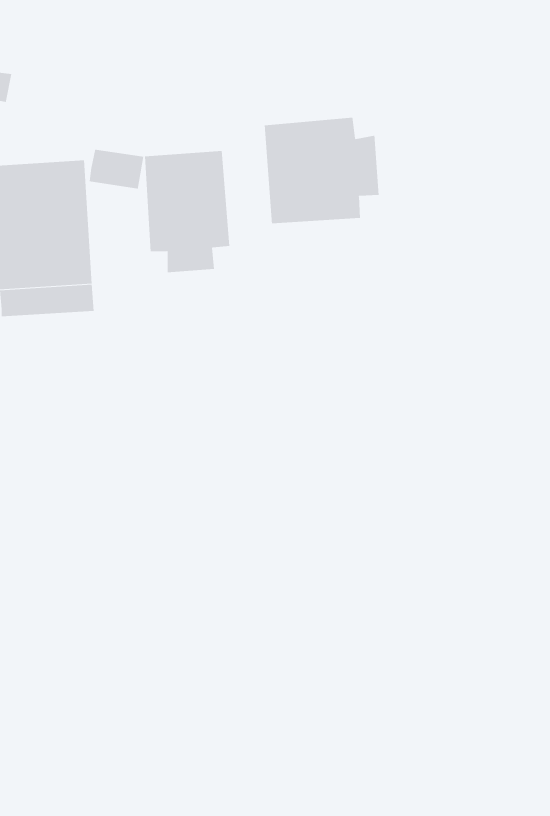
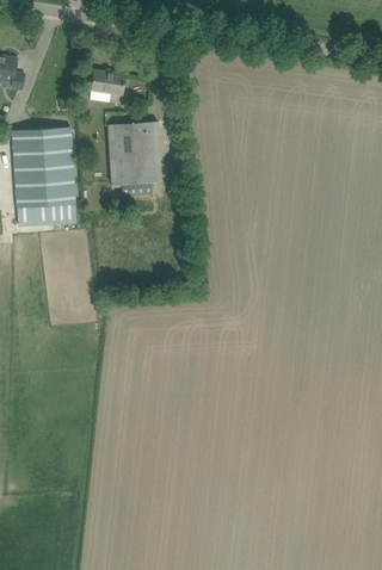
building: [264,117,379,224] -> none
building: [89,149,144,189] -> [91,69,125,94]

